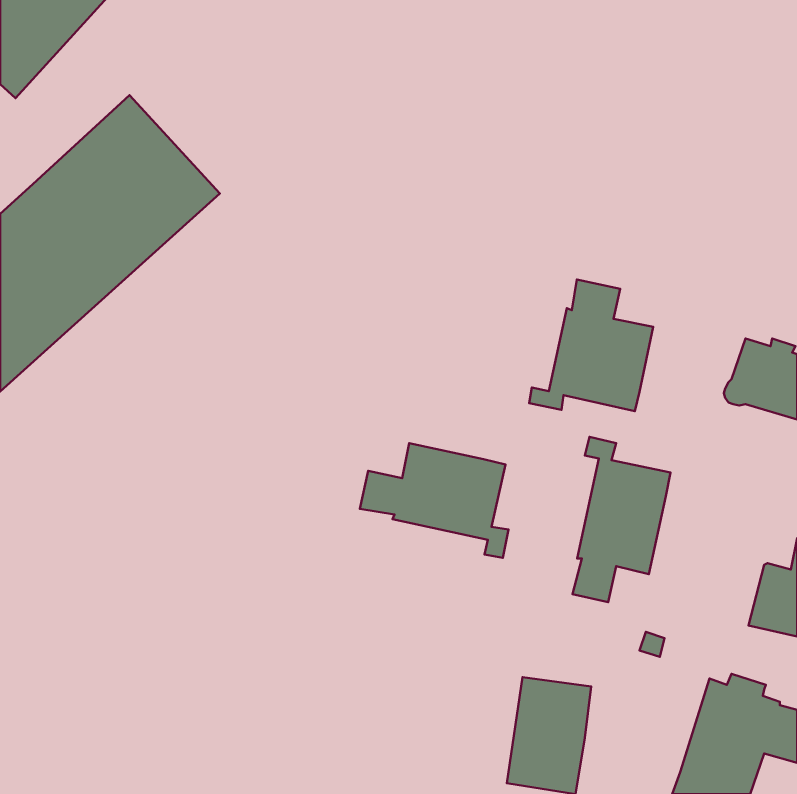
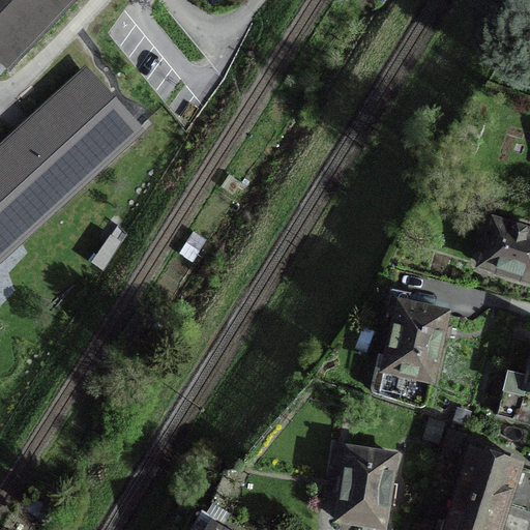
building: [529,280,653,411] -> none
building: [360,443,508,558] -> none

